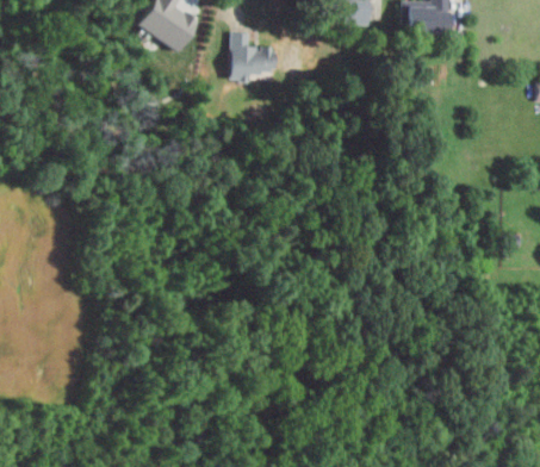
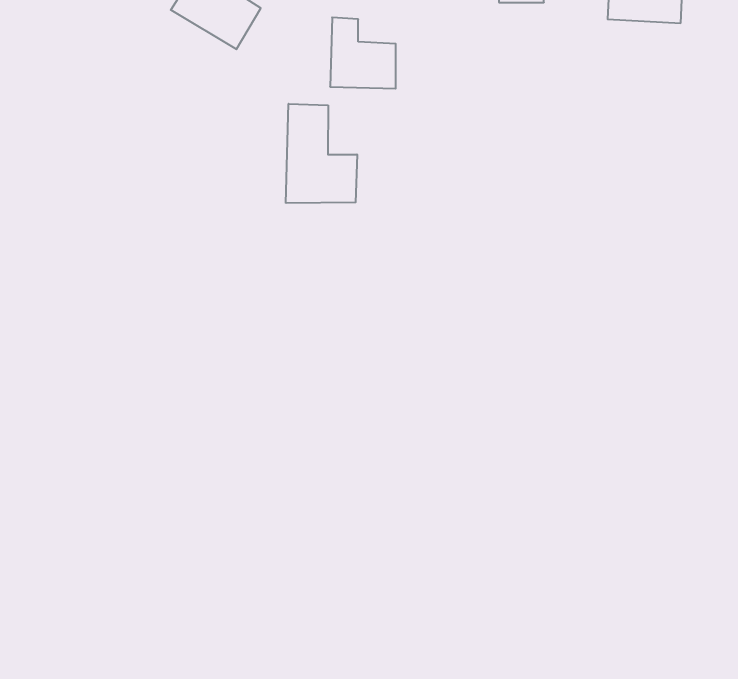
building: none -> [286,104,357,203]

